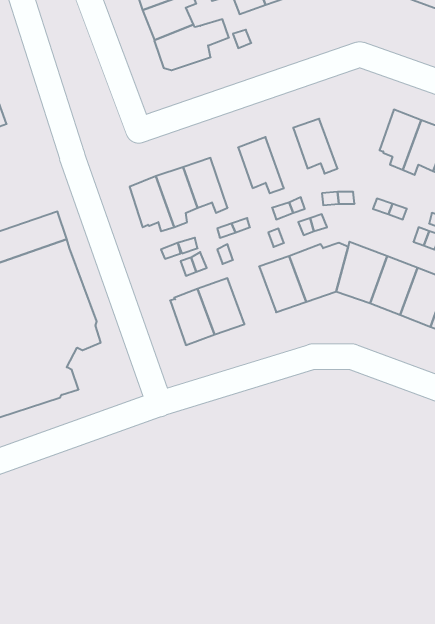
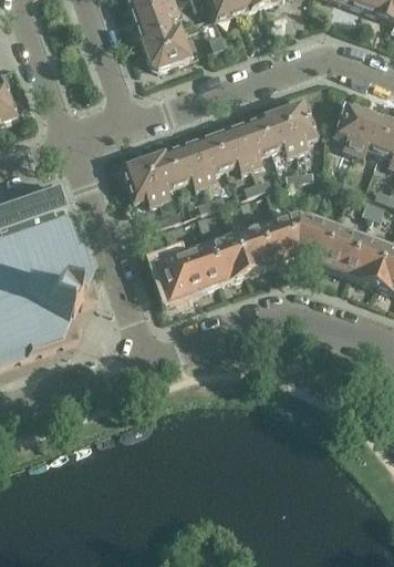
building: none -> [281,100,317,151]
building: none -> [236,116,277,168]
building: none -> [189,133,225,184]
building: none -> [204,234,245,282]

